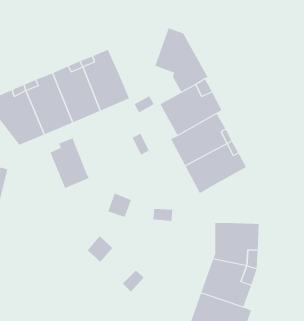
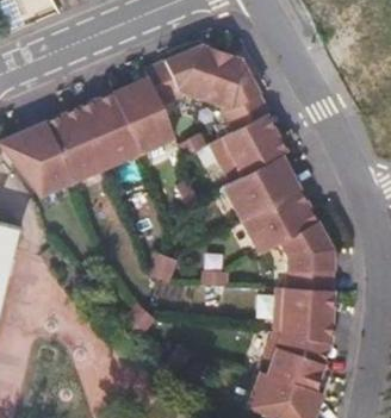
building: none -> [143,45,219,104]
building: [50,138,90,189] -> none
building: none -> [278,220,330,288]

